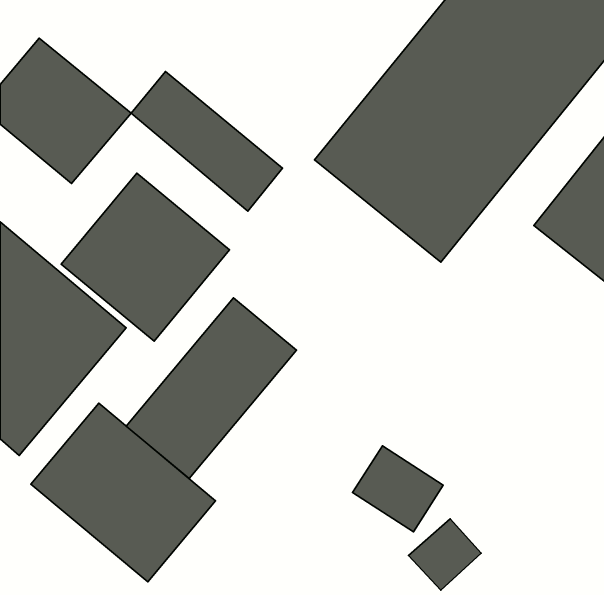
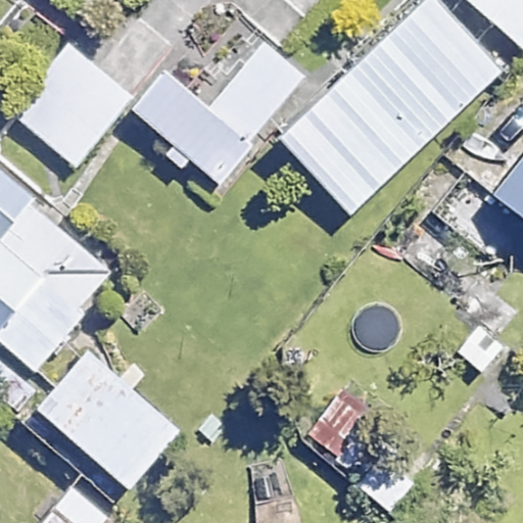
building: none -> [192,36,299,144]
building: [61,173,230,341] -> none
building: [126,298,296,478] -> none

